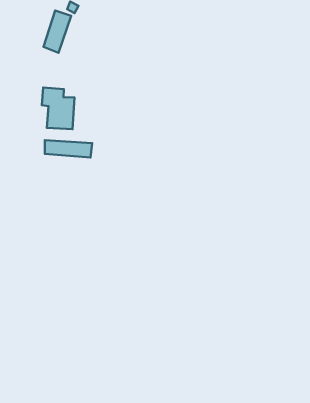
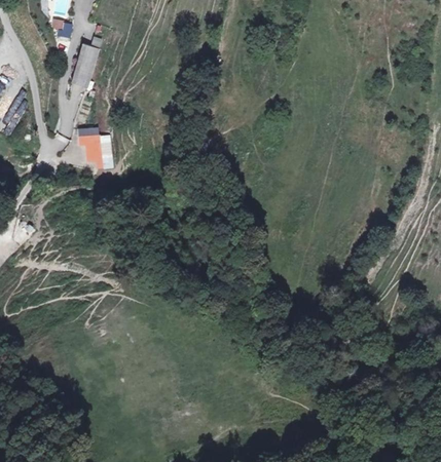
building: [45,140,92,157] -> none

